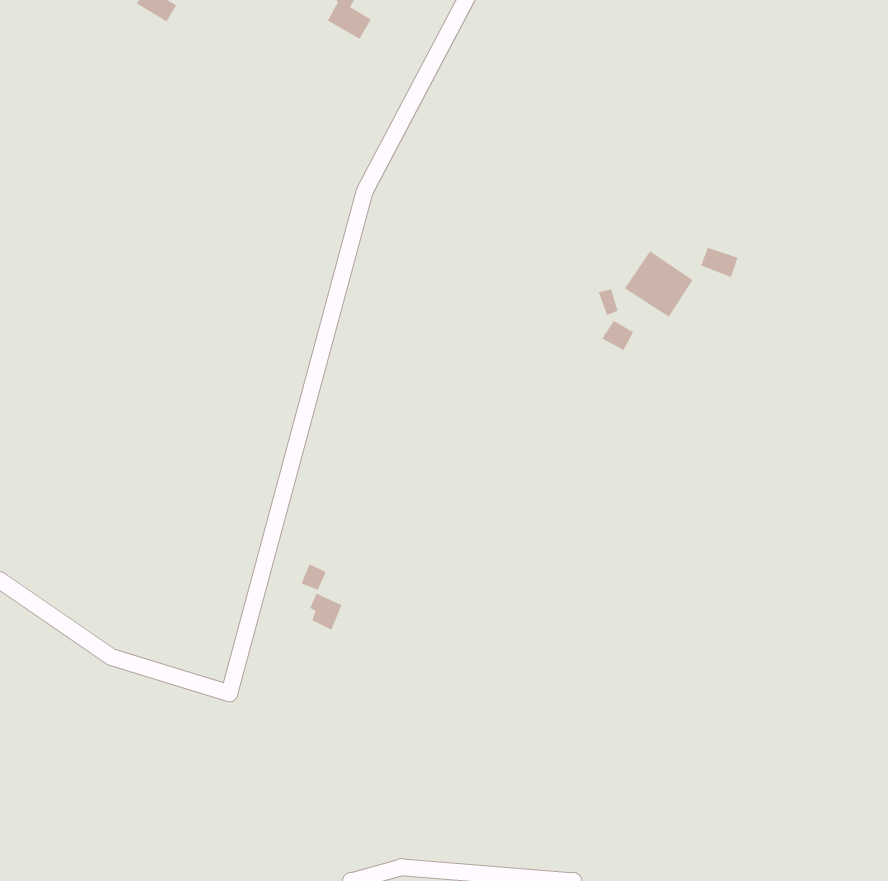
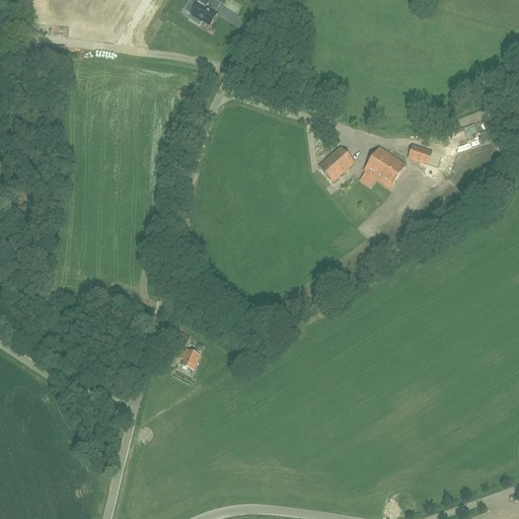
building: none -> [319,145,354,179]

